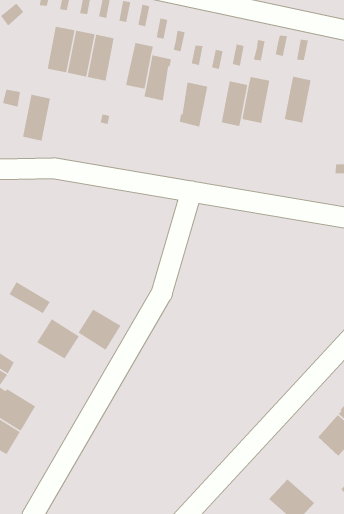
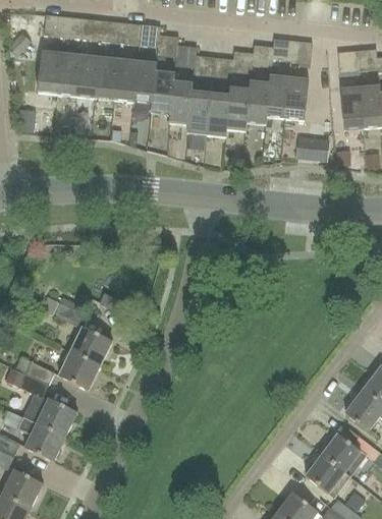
building: none -> [114,57,138,101]
building: none -> [169,79,193,122]
building: none -> [266,74,289,118]
building: none -> [207,94,229,135]
building: [22,94,51,141] -> [38,49,61,93]
building: none -> [296,136,329,161]
building: [77,309,121,351] -> [60,351,101,390]
building: none -> [322,434,367,476]

